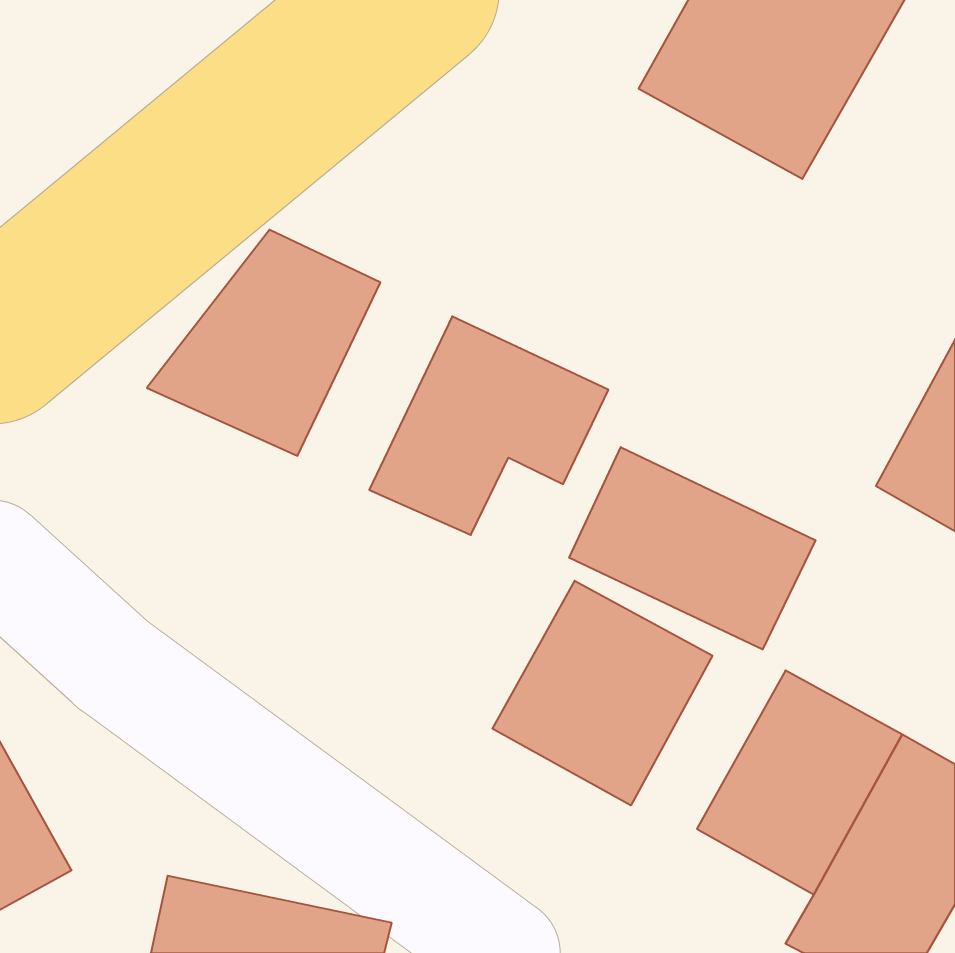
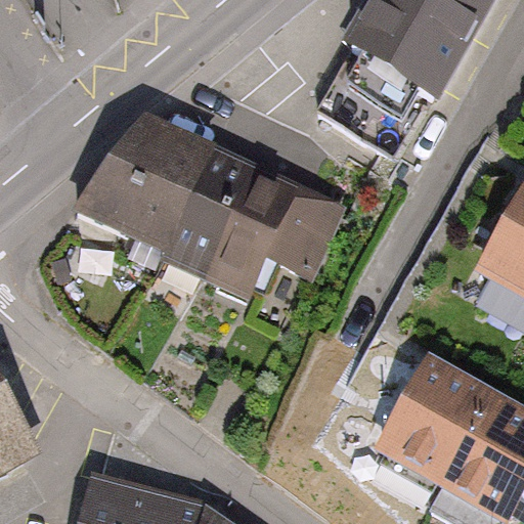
building: none -> [162,154,246,266]
building: [569,447,815,649] -> none
building: [492,581,712,805] -> none

